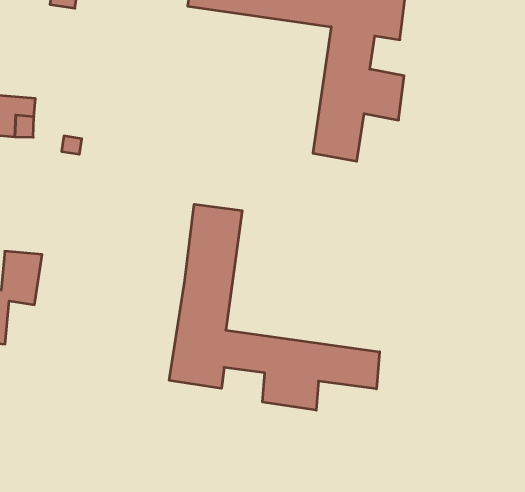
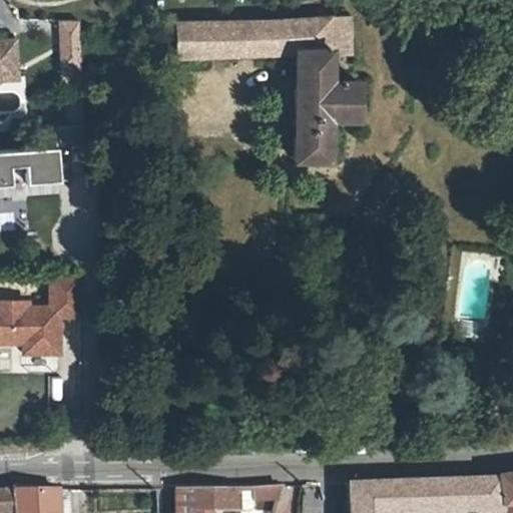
building: [169,204,380,410] -> none

